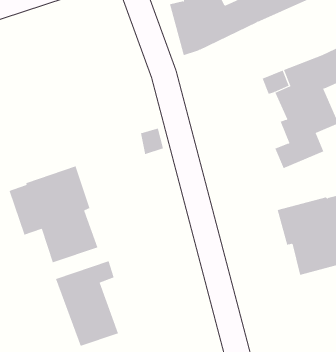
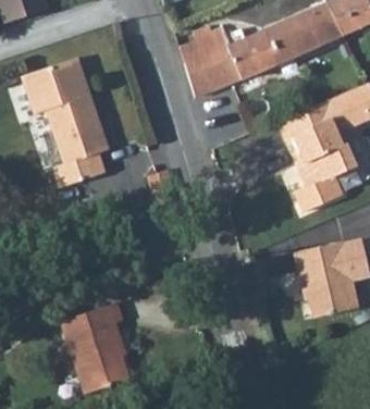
building: none -> [24,62,110,191]
building: [9,166,98,263] -> none

